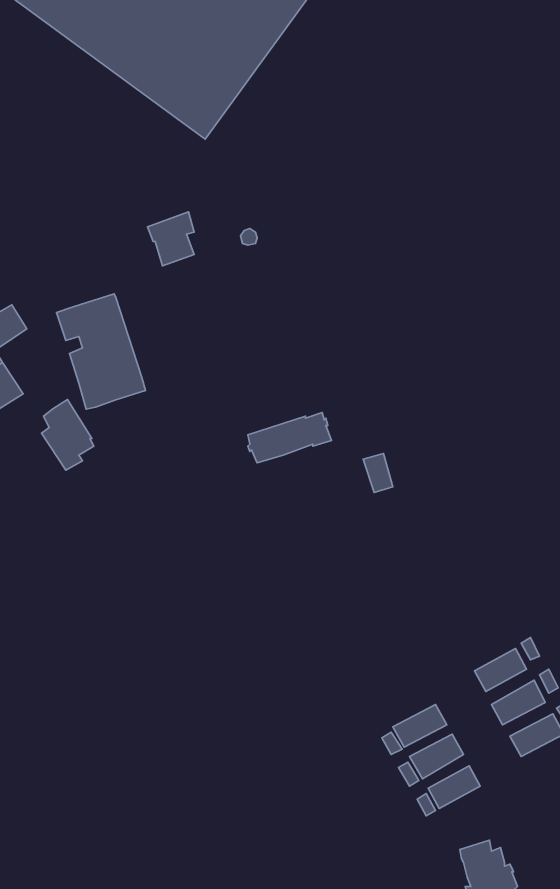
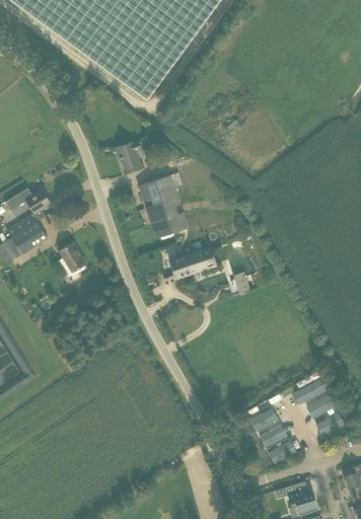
building: [56,294,146,409] -> [139,175,188,238]

